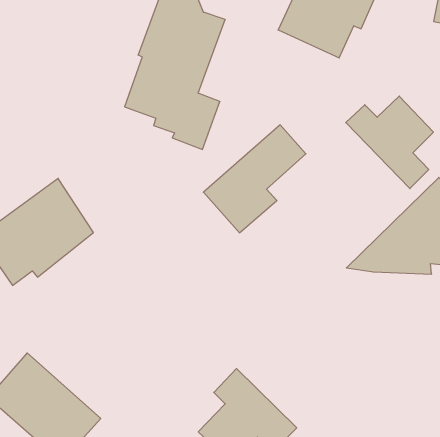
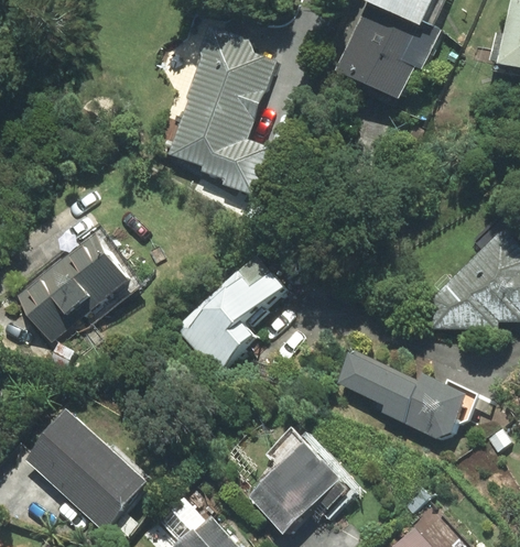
building: [346,96,433,189] -> none
building: [203,125,306,233] -> [175,255,284,370]
building: none -> [336,351,479,437]

